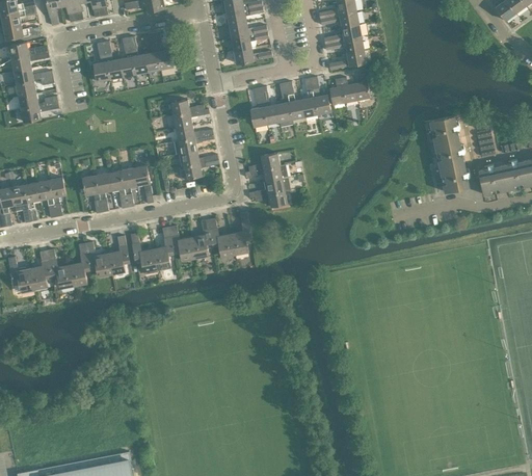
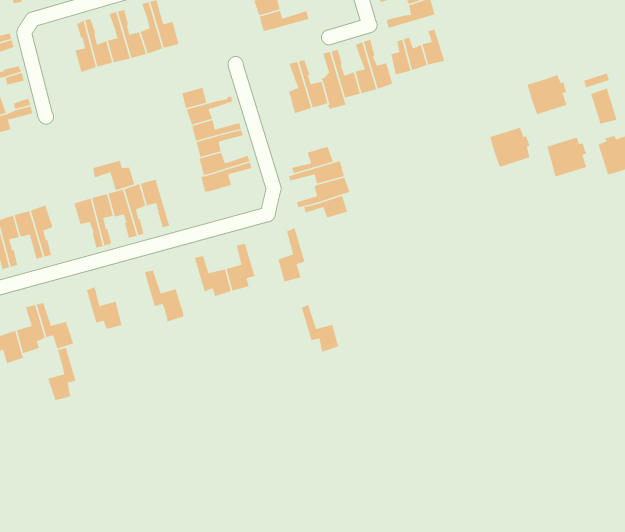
building: [434,139,464,168] -> [489,127,531,168]
building: none -> [92,160,135,191]
building: [208,217,234,255] -> [301,304,339,353]
building: [153,227,174,267] -> none
building: [107,235,129,272] -> none
building: [69,243,90,283] -> [47,347,77,401]

